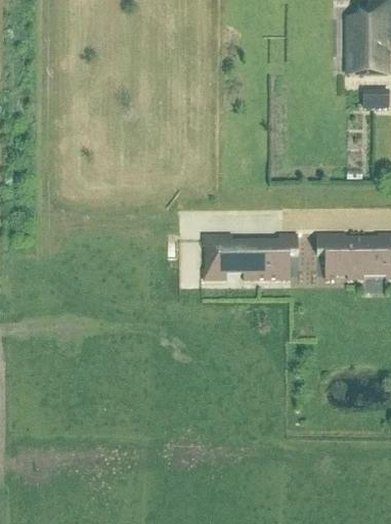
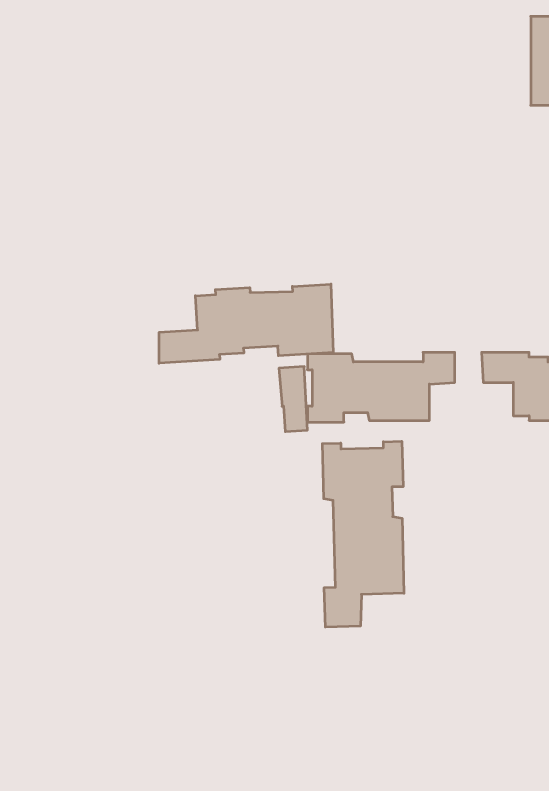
building: none -> [159,284,333,363]
building: none -> [322,441,404,627]

